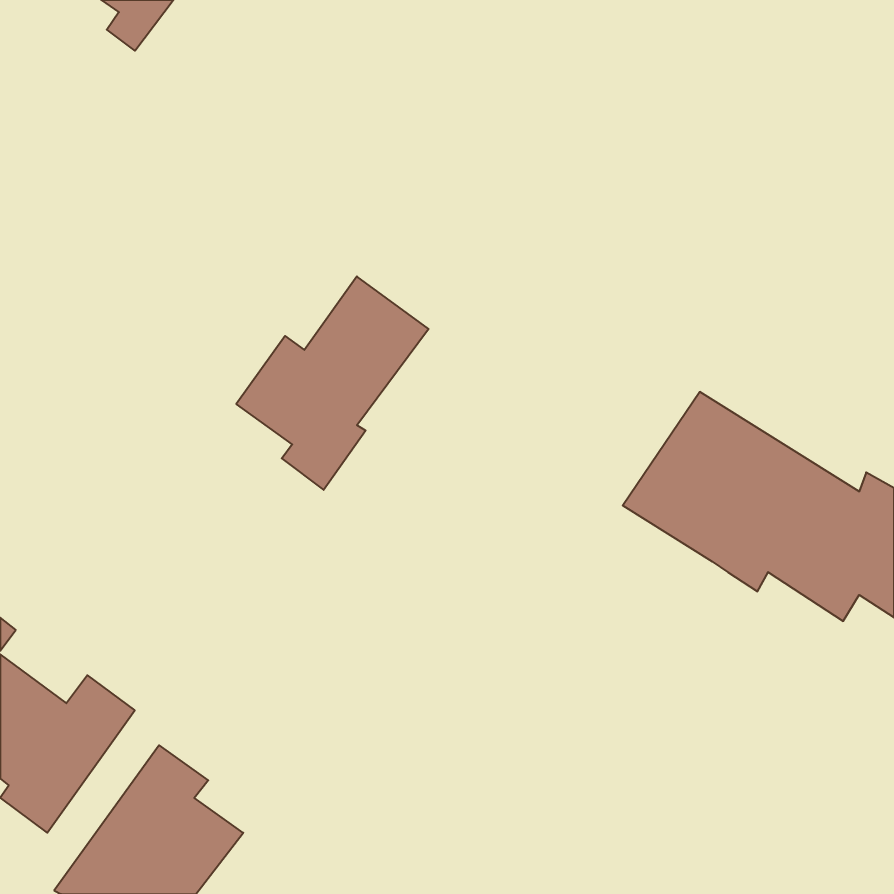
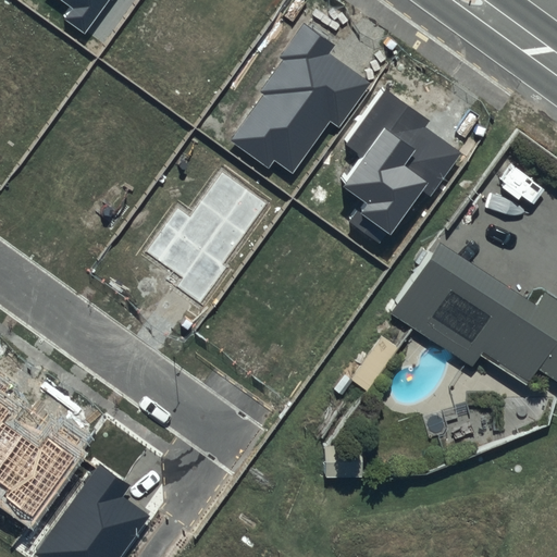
building: none -> [233,21,371,172]
building: none -> [341,84,461,245]

